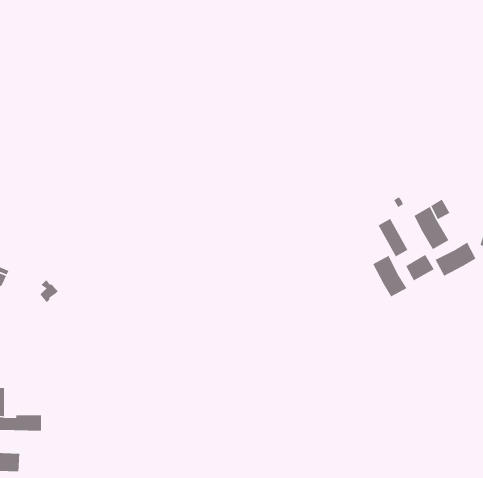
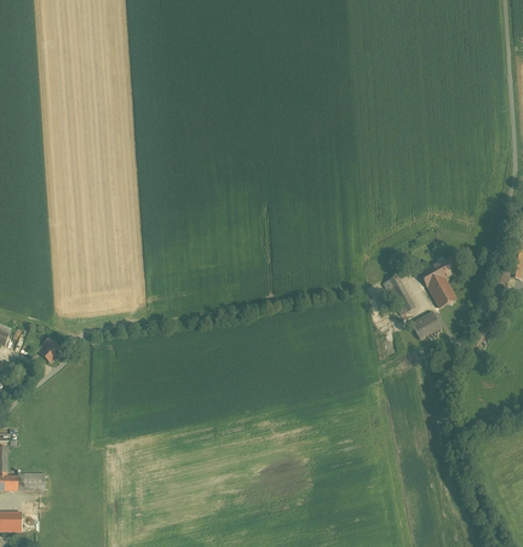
building: [435,241,477,277] -> none
building: [372,255,407,297] -> none

